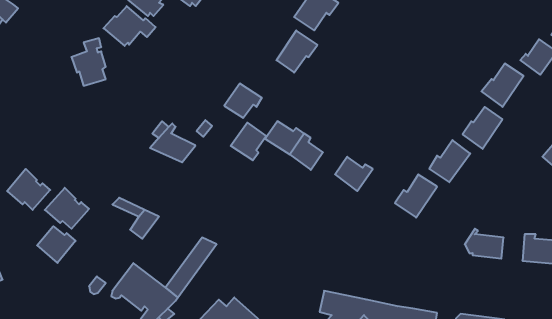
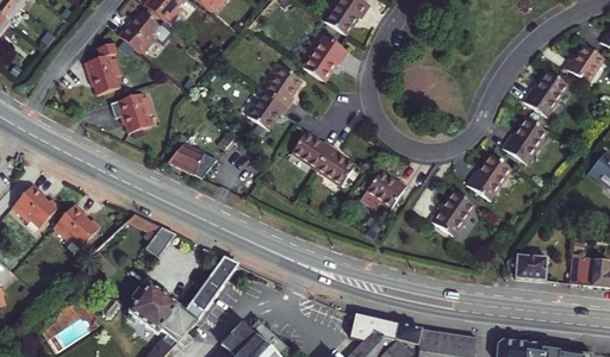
building: none -> [110,90,151,131]
building: [231,123,266,160] -> [263,65,301,106]
building: [37,226,76,263] -> none

